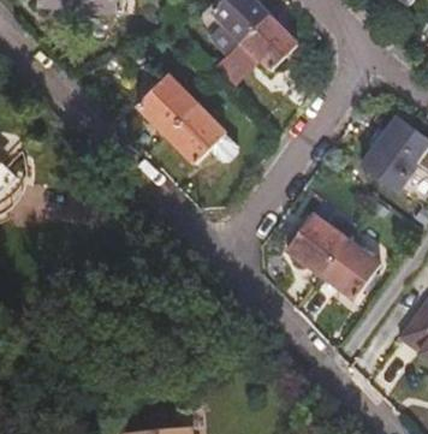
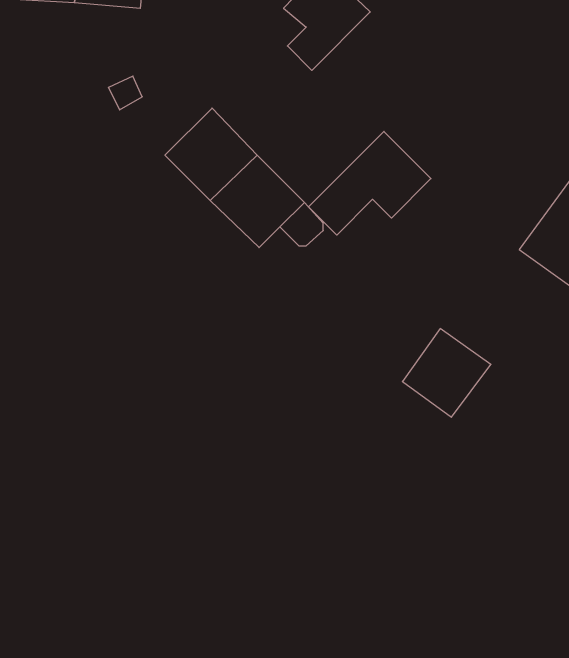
building: [219,13,297,79] -> [308,131,431,235]
building: [319,238,379,297] -> none

